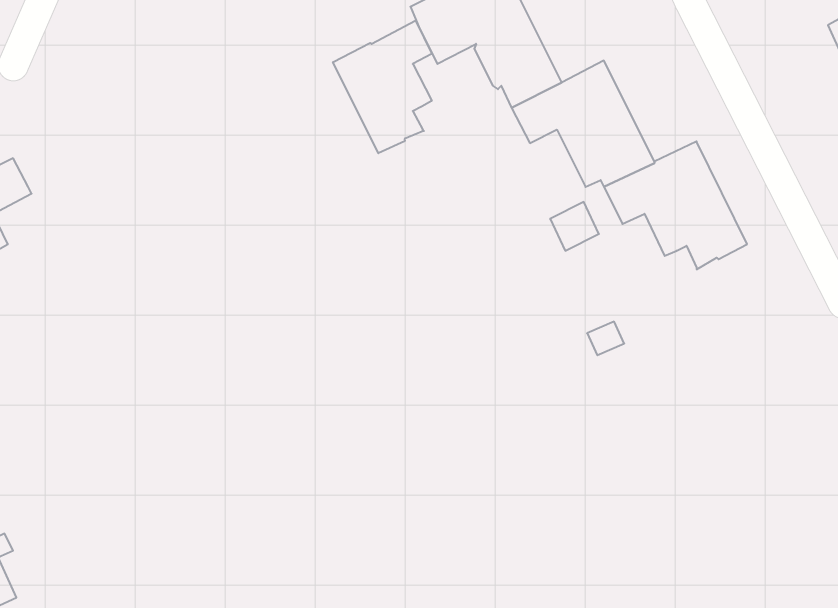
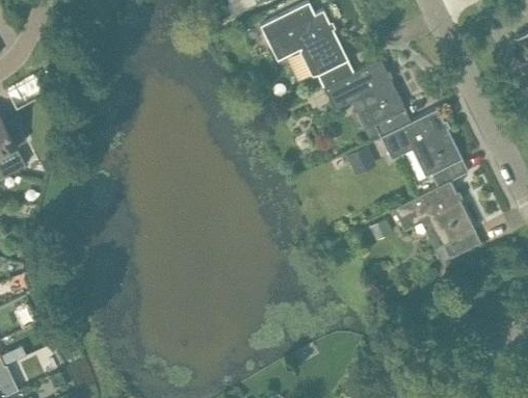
building: [333,21,432,153] -> none
building: none -> [392,180,480,258]

